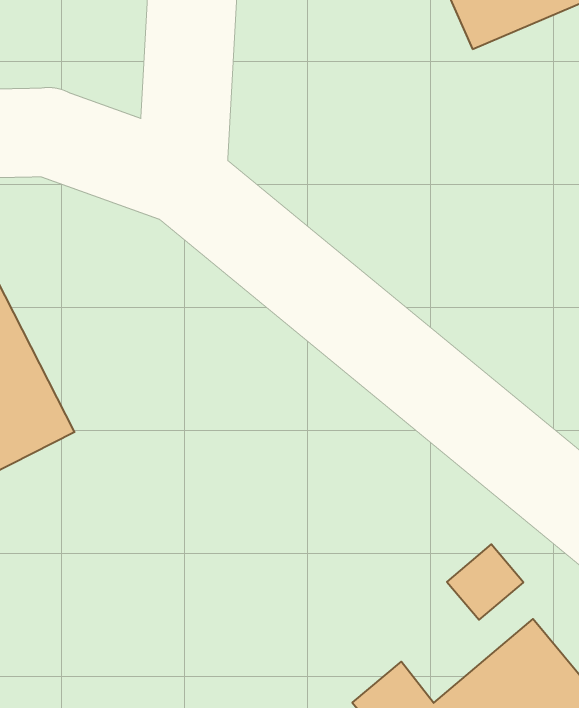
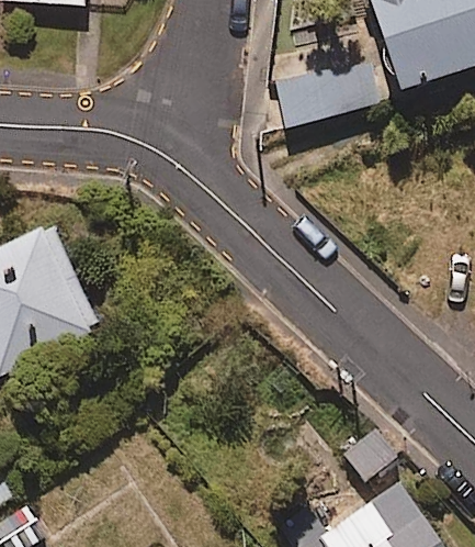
building: none -> [268,64,375,127]

